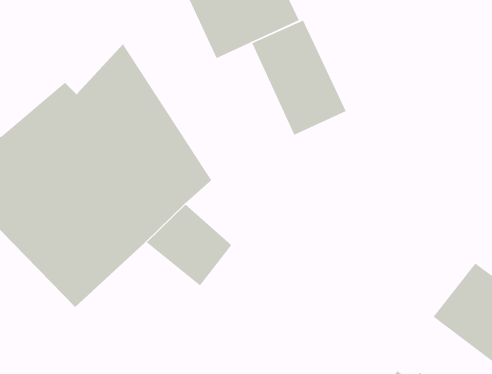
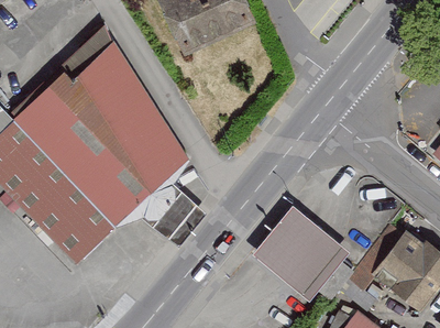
building: [251,20,347,136] -> none
building: none -> [251,204,348,297]

